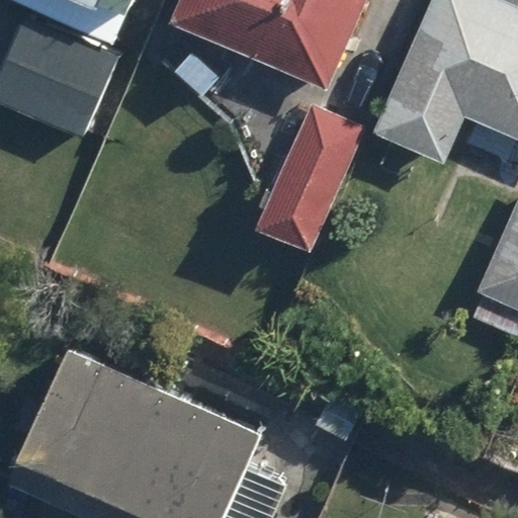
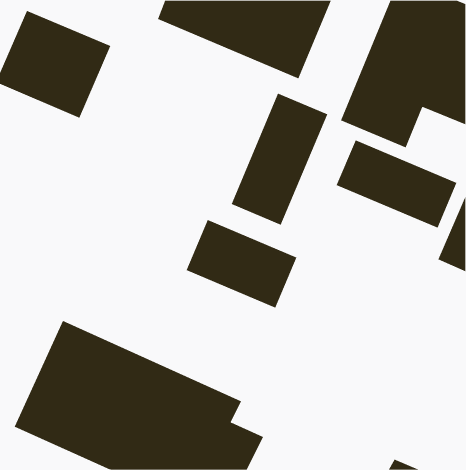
building: none -> [336,139,457,229]
building: none -> [186,219,297,308]

